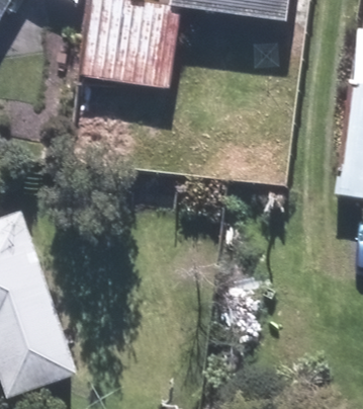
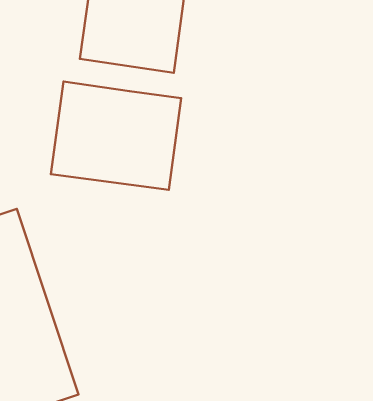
building: none -> [51,82,181,190]

